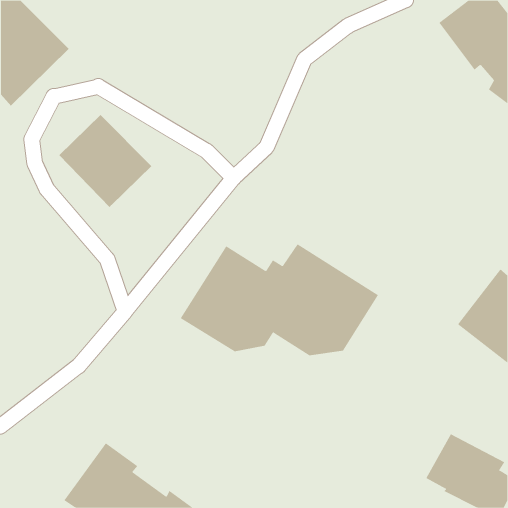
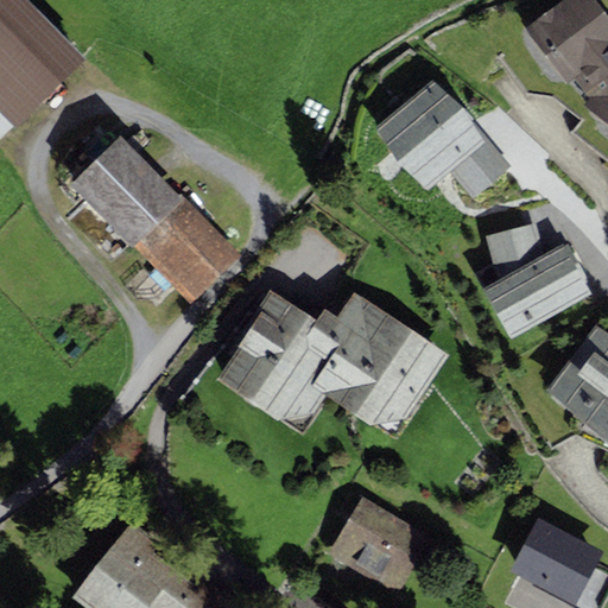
building: none -> [372,76,509,198]
building: none -> [133,197,240,304]
building: none -> [482,222,591,338]
building: none -> [329,498,432,595]

